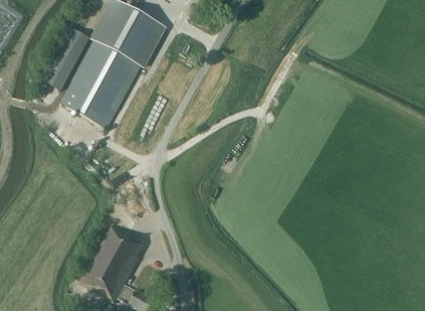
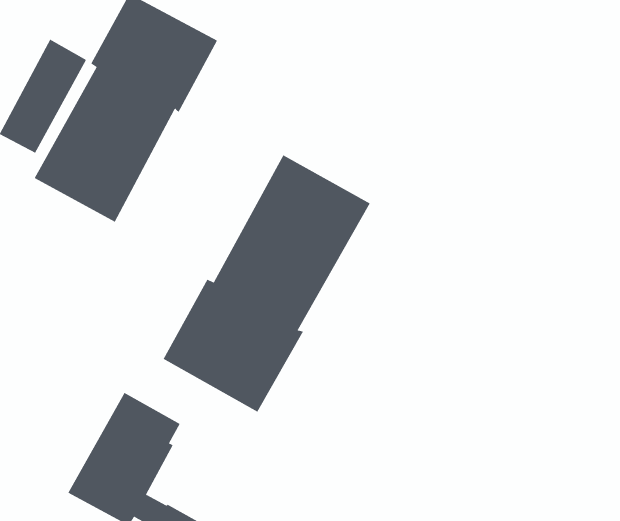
building: none -> [163,154,371,413]

